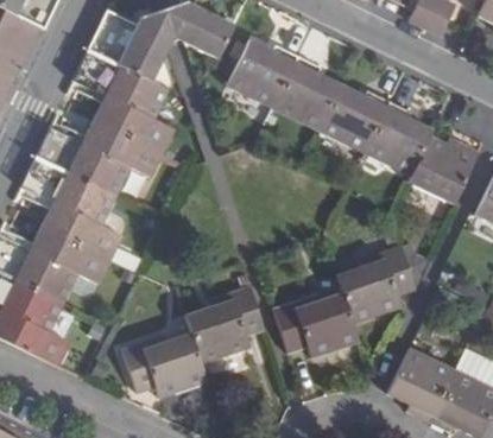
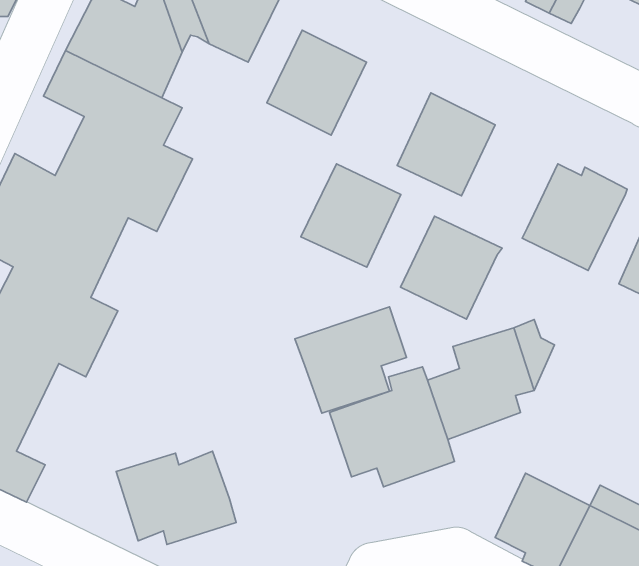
building: [273,59,343,132] -> [301,164,401,267]
building: [365,103,436,176] -> [401,216,502,319]
building: [183,291,261,366] -> [295,307,406,413]

